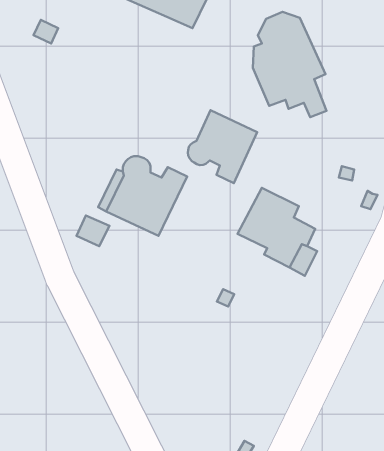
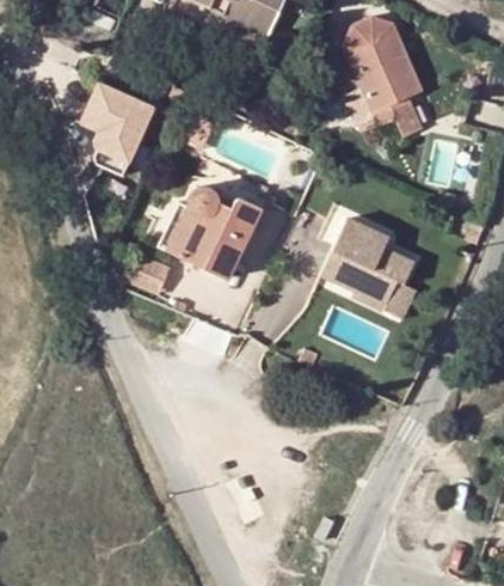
building: none -> [79,75,161,170]
building: [188,110,257,183] -> none

